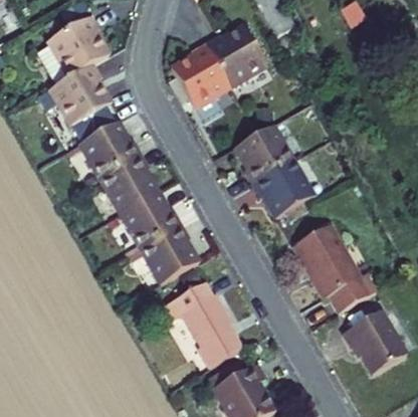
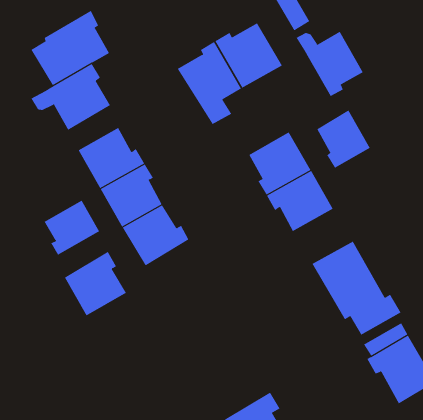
building: none -> [296,31,363,97]
building: none -> [317,109,370,168]
building: none -> [44,200,100,255]
building: [141,224,198,283] -> [64,251,127,316]
building: [161,281,242,367] -> none

